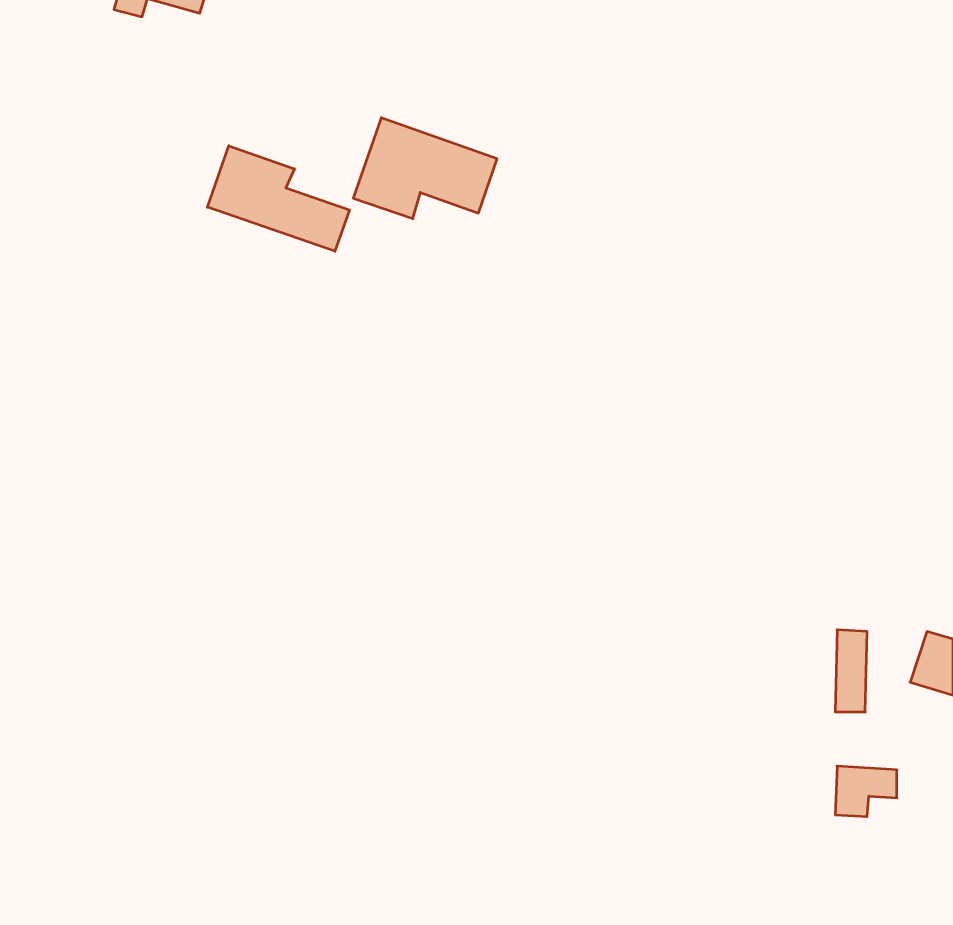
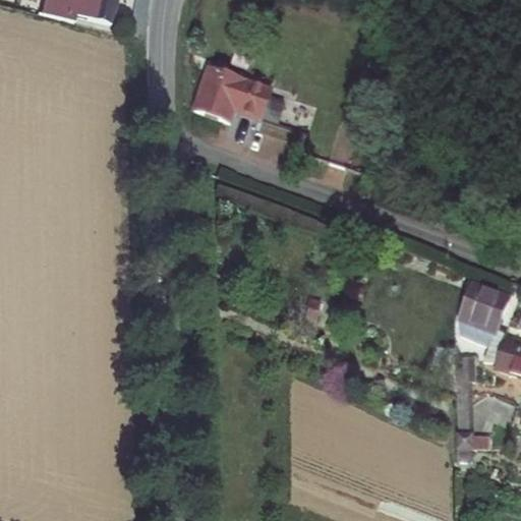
building: [207,146,350,251] -> none
building: none -> [462,289,511,341]

